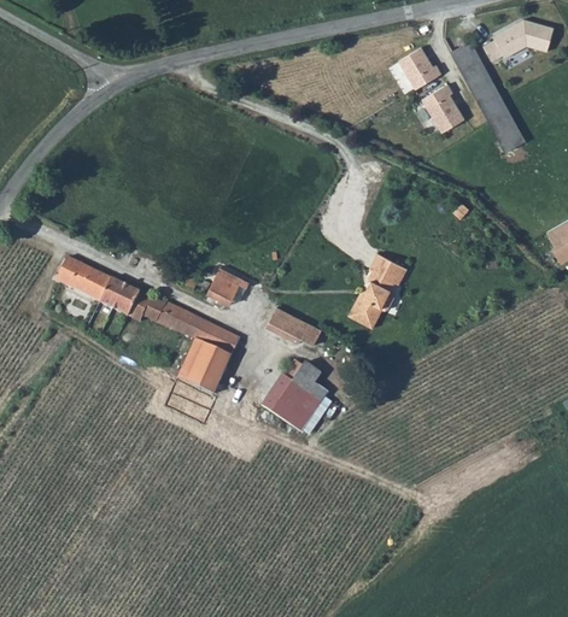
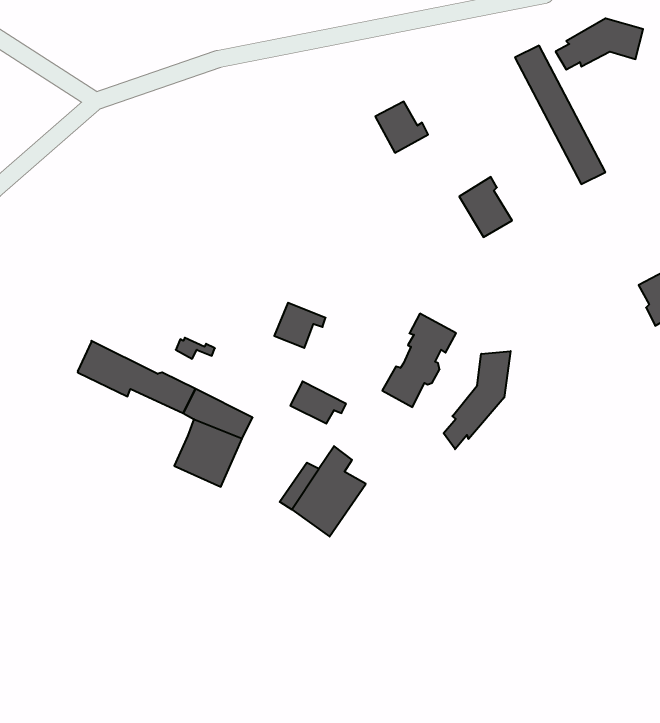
building: [397,47,439,88] -> [375,102,428,153]
building: [420,83,462,131] -> [459,177,512,237]
building: [57,255,111,300] -> none
building: [210,269,251,305] -> [274,303,326,348]
building: none -> [444,351,511,449]

